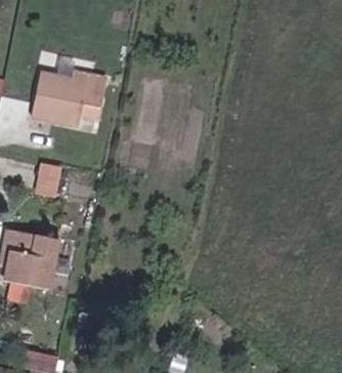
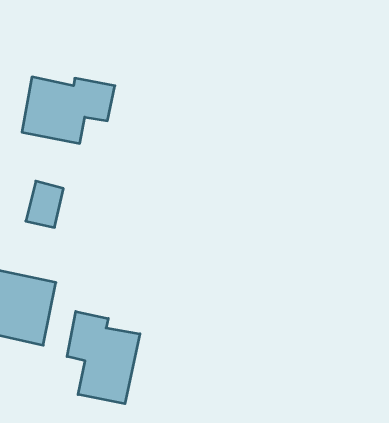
building: none -> [67,311,140,404]

